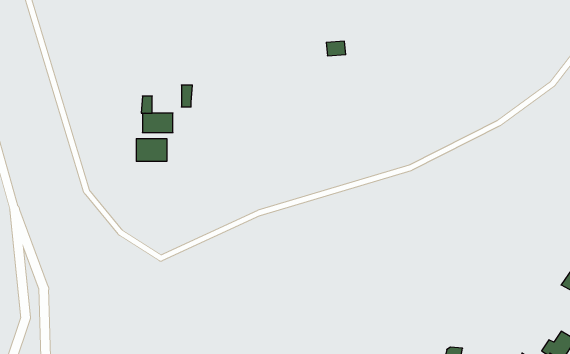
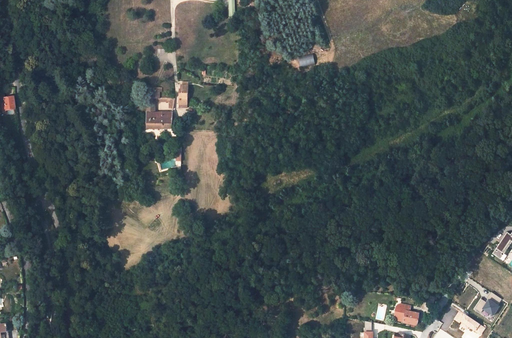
building: [136,139,167,161] -> none

